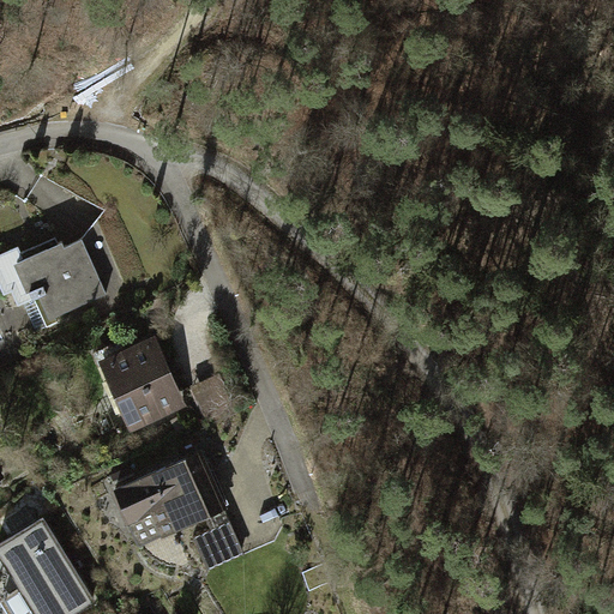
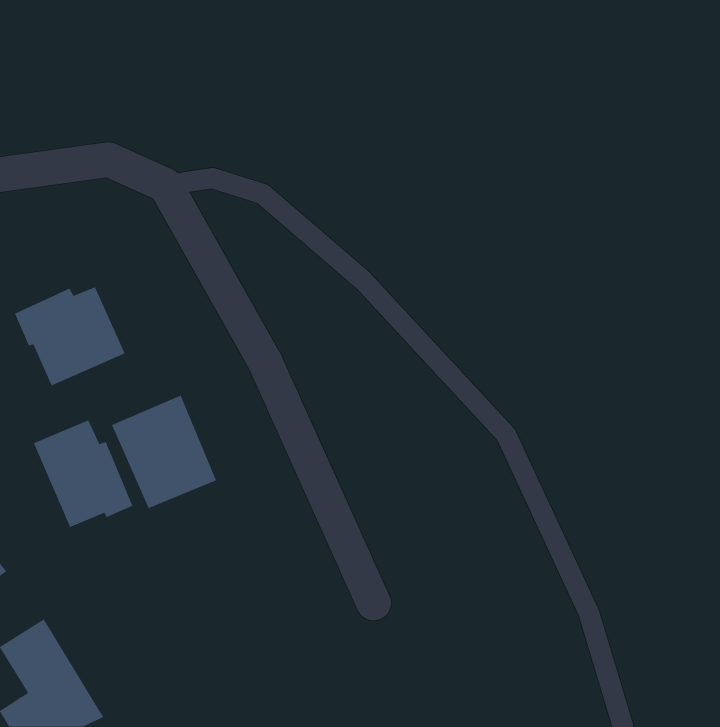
building: none -> [33,419,133,528]
building: [112,450,245,573] -> none

